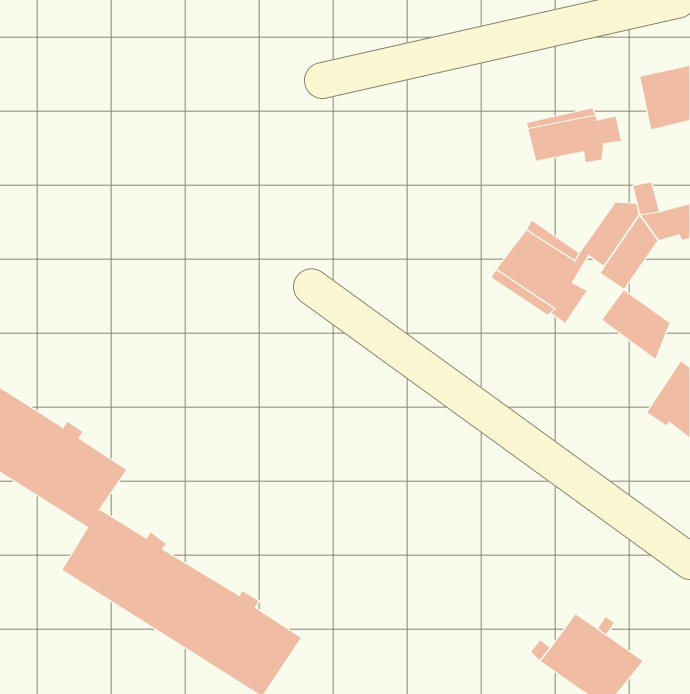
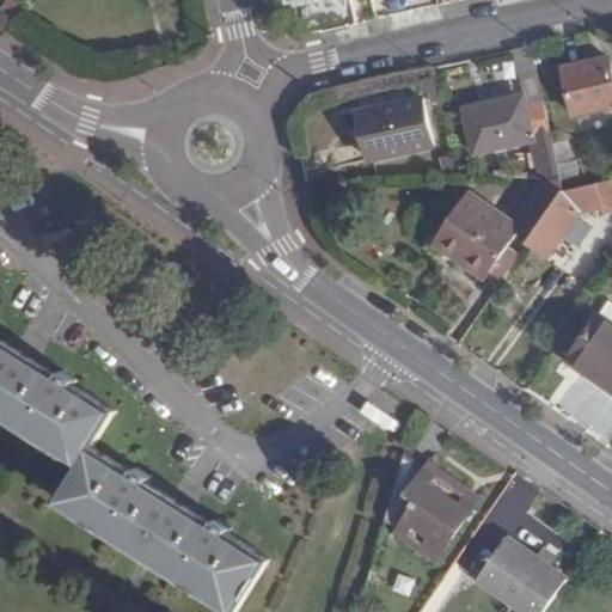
building: none -> [356,102,428,161]
building: [602,290,670,360] -> none
building: none -> [381,455,473,559]

